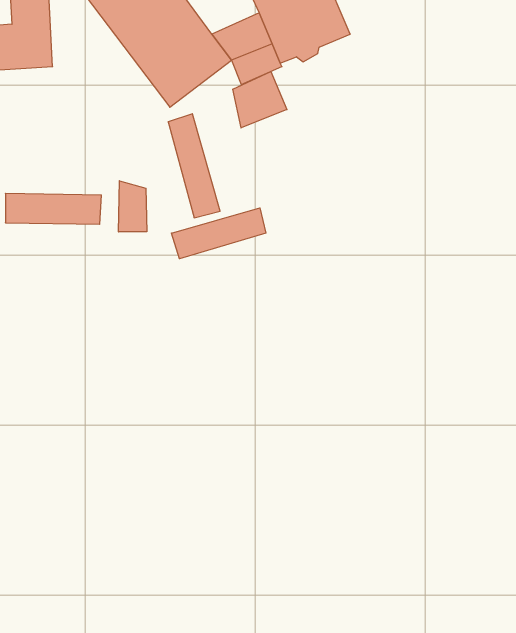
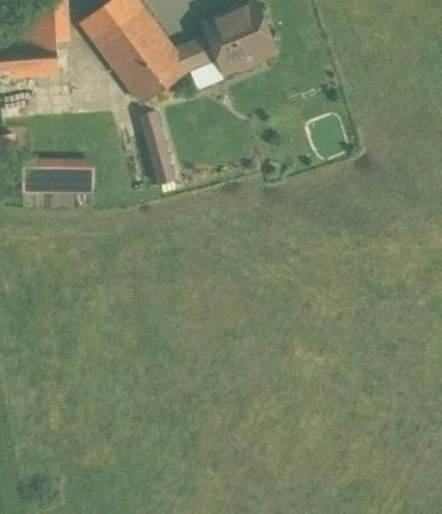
building: [233,71,287,128] -> none
building: [119,181,147,232] -> none
building: [171,208,266,259] -> none

